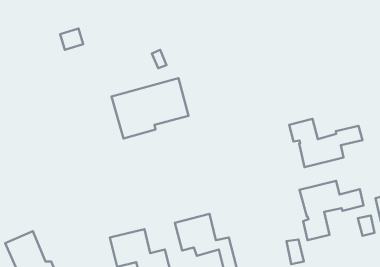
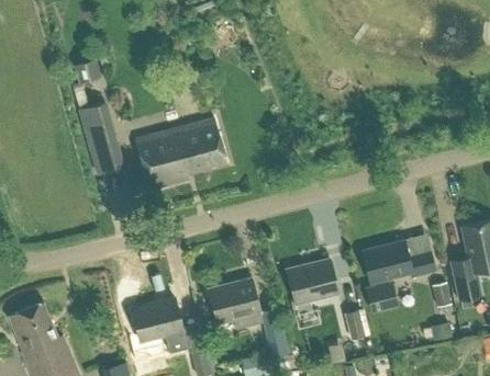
building: none -> [79,102,124,174]
building: [289,119,362,167] -> none
building: none -> [288,261,338,305]

